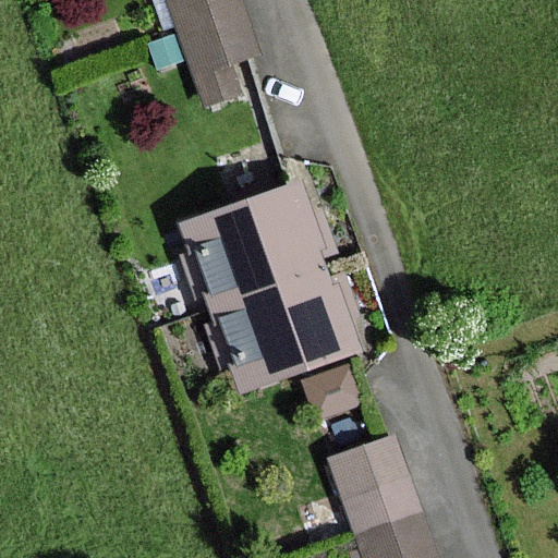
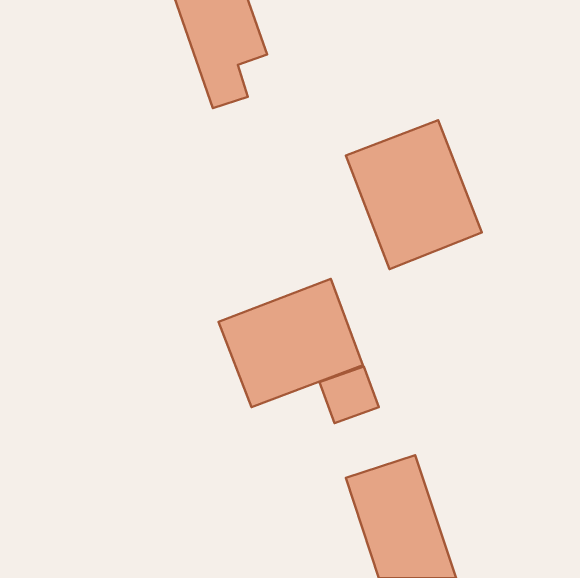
building: none -> [346,120,482,269]
building: [179,185,317,308] -> none

